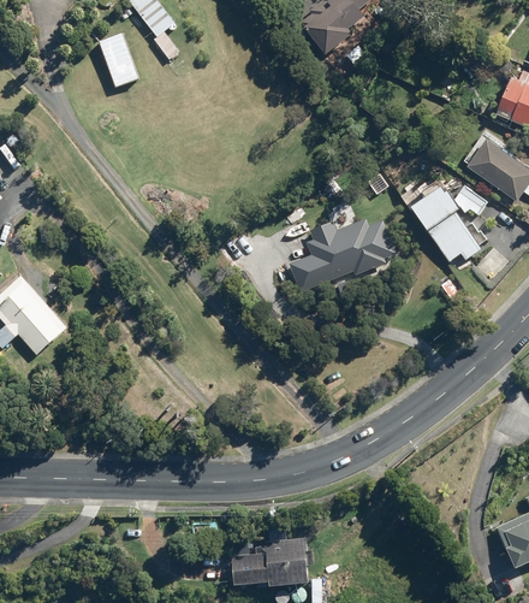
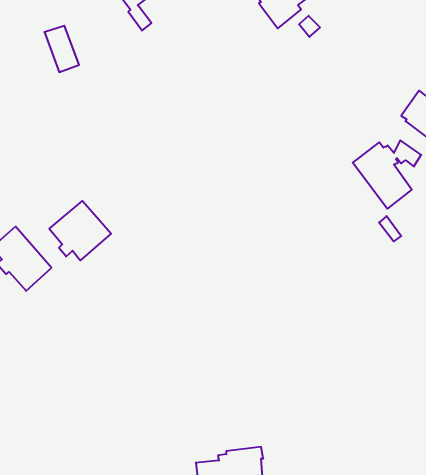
building: [97,35,137,88] -> [44,26,79,72]
building: [292,212,398,289] -> none
building: none -> [49,201,111,260]

